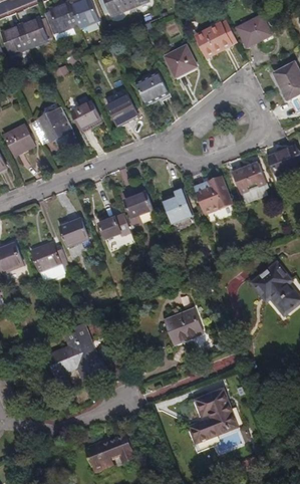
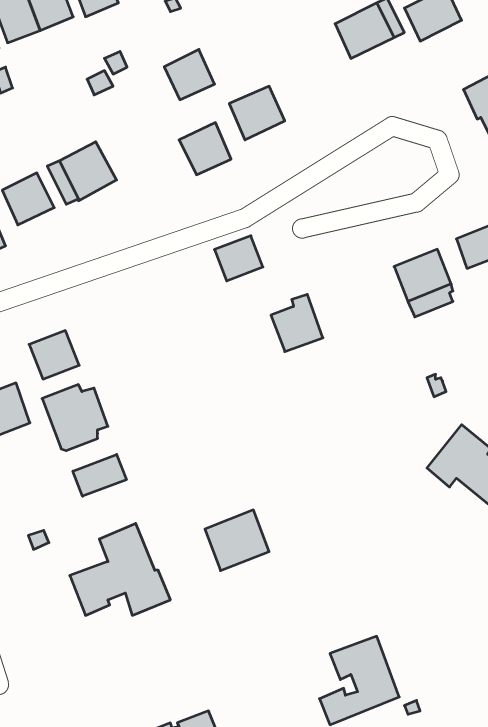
building: [167,45,198,76] -> none
building: [72,98,101,128] -> [164,49,215,100]
building: [195,181,231,217] -> none
building: [123,193,152,219] -> [214,236,263,281]
building: [95,216,129,242] -> none
building: [58,220,87,248] -> [29,331,79,379]
building: none -> [73,454,126,496]
building: [164,311,201,346] -> [205,510,269,571]

